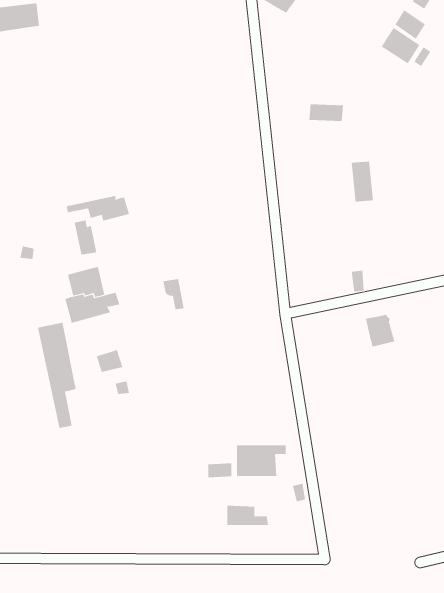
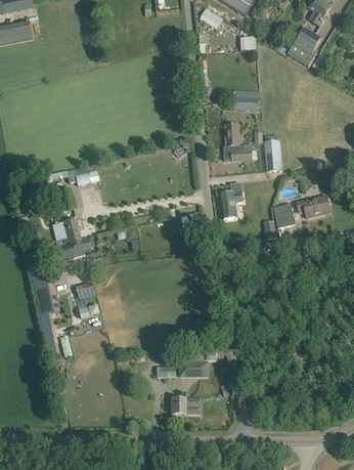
building: none -> [226,124,253,160]
building: none -> [220,191,242,218]
building: none -> [298,195,330,217]
building: [365,314,395,347] -> [273,203,296,227]

